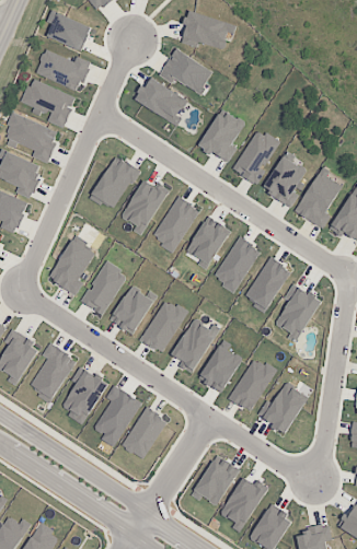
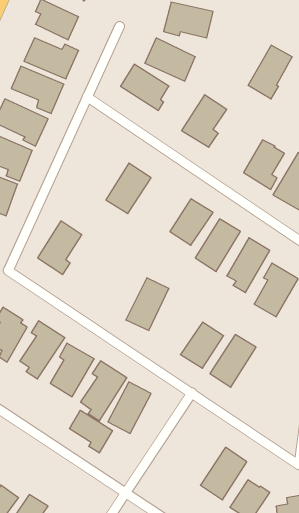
building: [232,129,278,185] -> [248,45,292,99]
building: [90,155,138,211] -> none
building: [152,196,198,252] -> none
building: [81,260,126,315] -> none
building: [110,285,153,335] -> none
building: [171,319,216,374] -> none
building: [256,383,308,433] -> none
building: none -> [69,410,112,453]
building: [195,456,238,504] -> none

